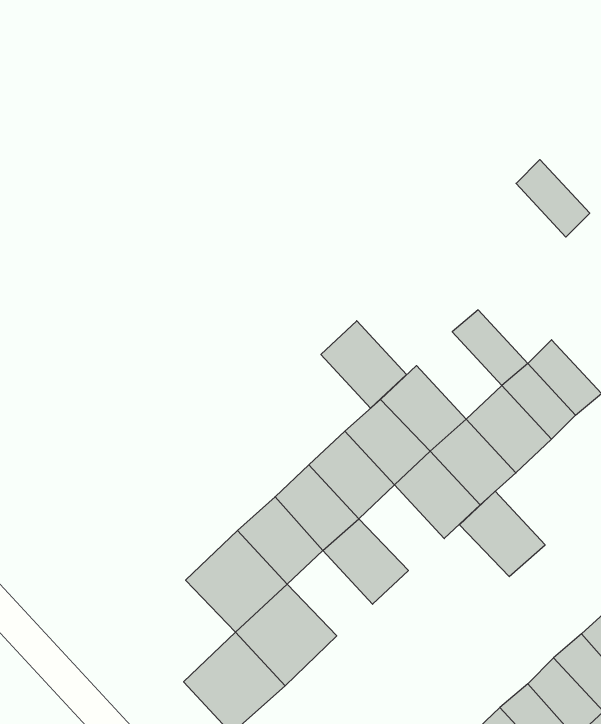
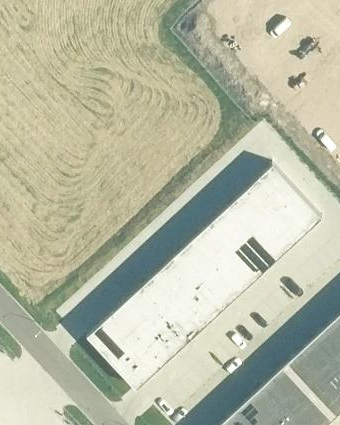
building: [516,160,590,237] -> [260,166,297,205]
building: [321,321,406,408] -> [229,189,272,233]
building: [460,491,545,577] -> [200,266,243,309]
building: none -> [164,299,207,342]
building: none -> [87,314,138,365]

